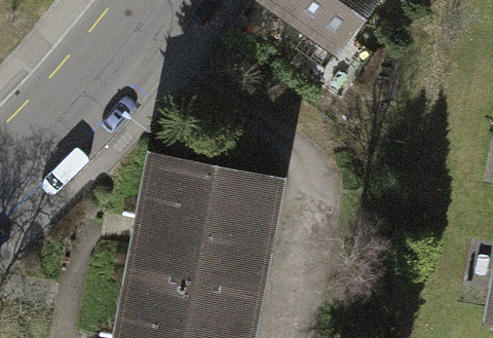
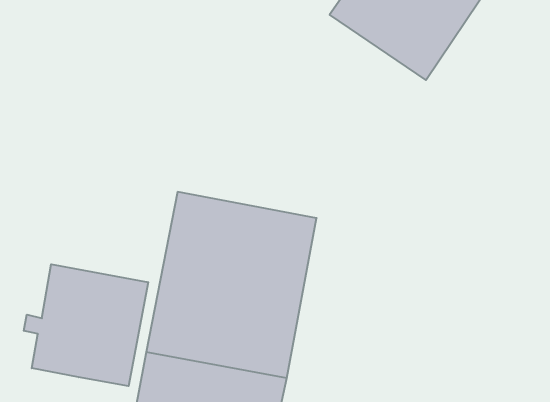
building: none -> [24,264,148,386]

